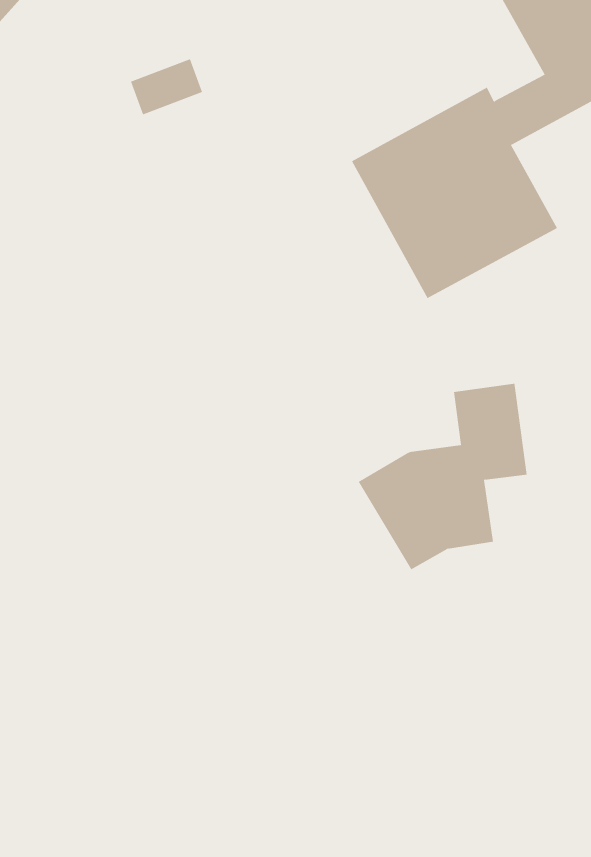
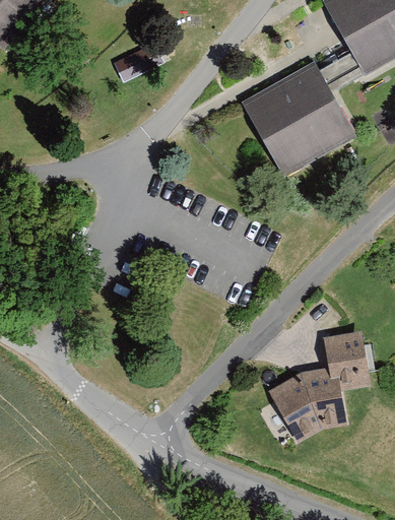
building: [358,383,527,570] -> [272,333,370,441]

